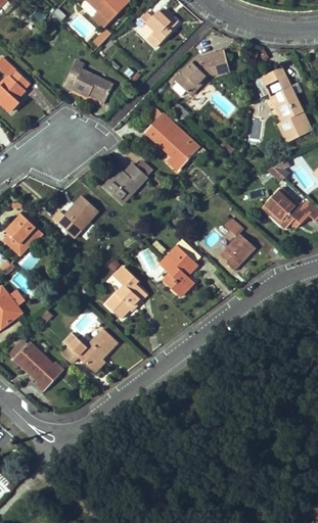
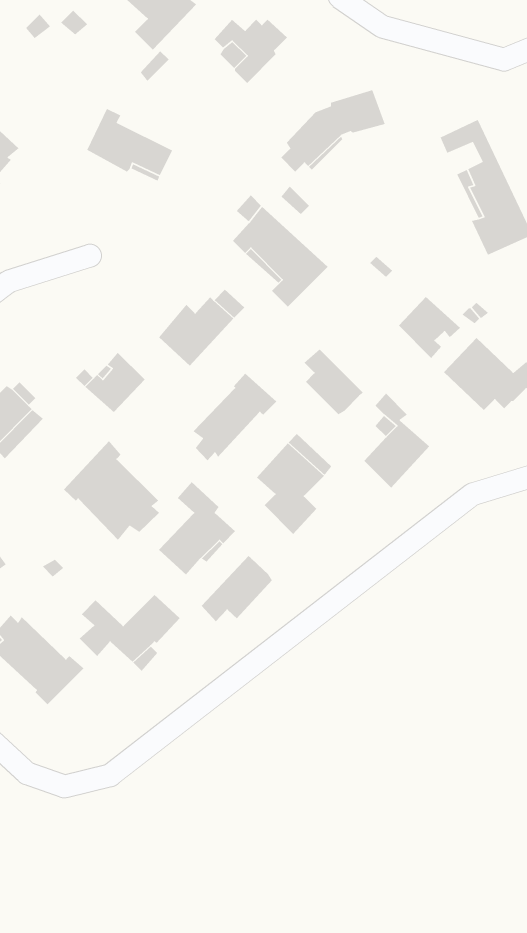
building: none -> [398,296,461,359]
building: none -> [304,348,363,415]
building: none -> [192,373,277,461]
building: none -> [63,440,160,541]
building: none -> [201,555,273,622]

